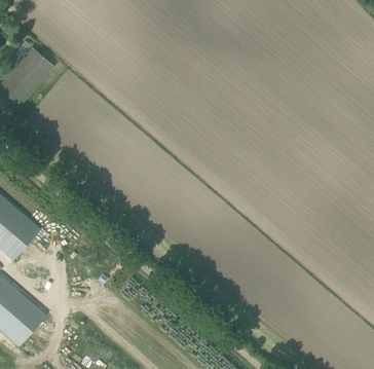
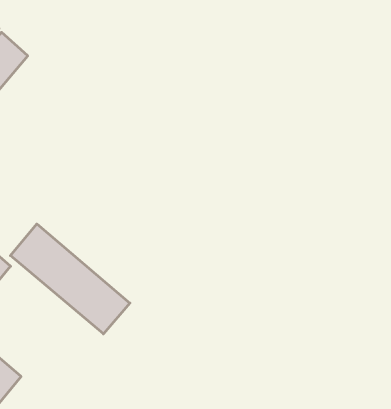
building: none -> [10,224,130,334]

